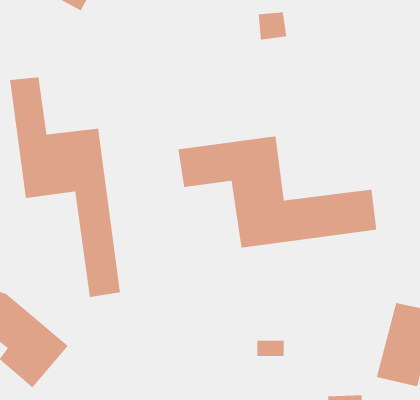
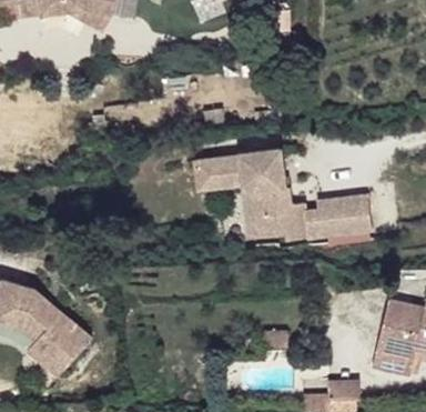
building: [9,77,121,298] -> none

